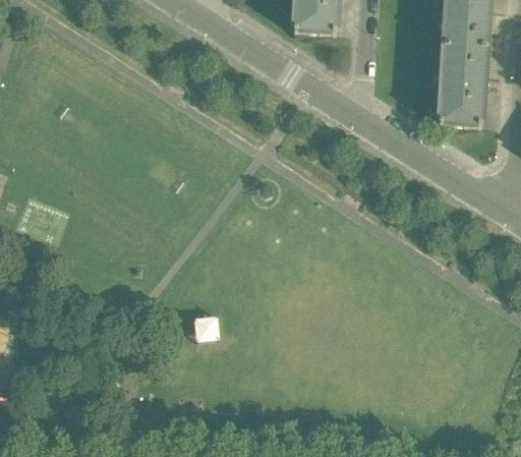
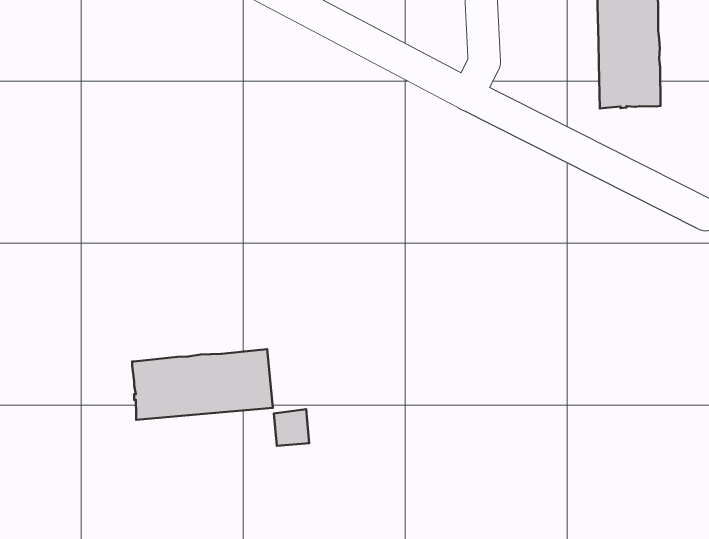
building: none -> [132,349,273,420]

